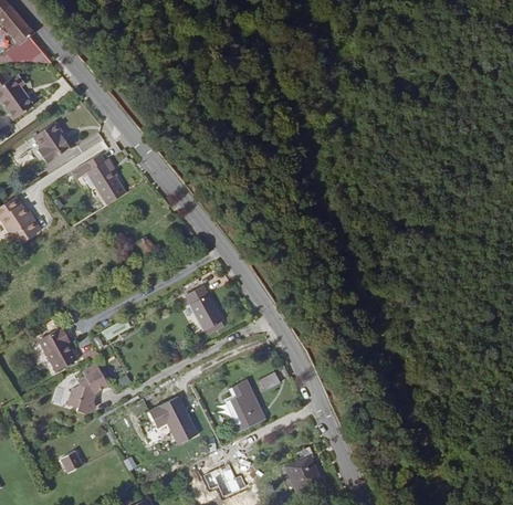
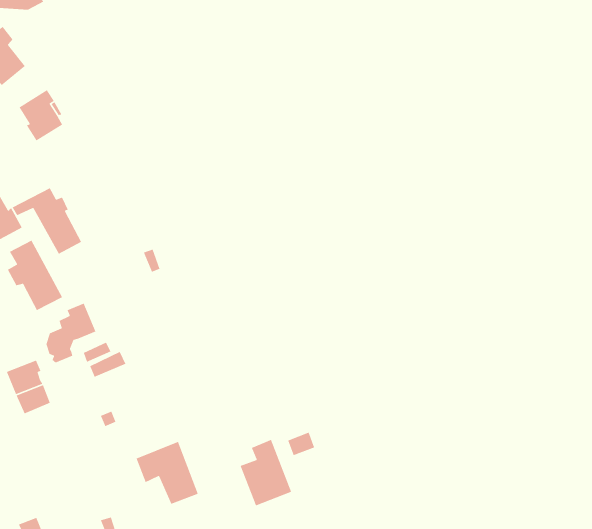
building: [77,151,134,203] -> [12,187,82,255]
building: none -> [7,240,63,311]
building: [186,287,221,333] -> none
building: [66,366,105,414] -> [45,302,96,363]

